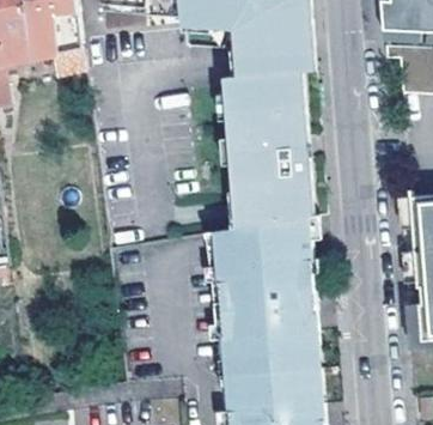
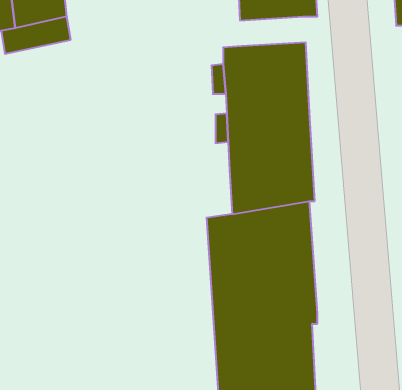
building: [246,50,307,78] -> none

